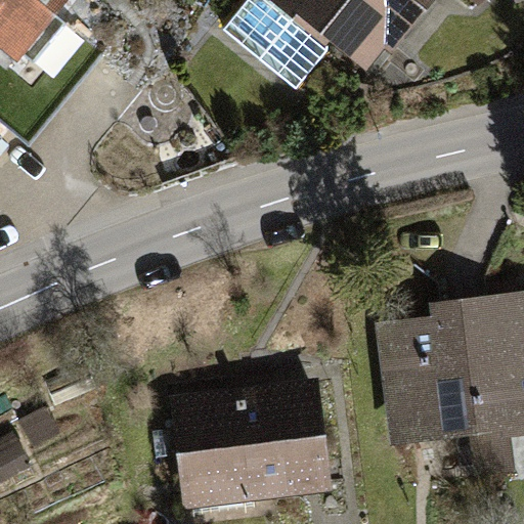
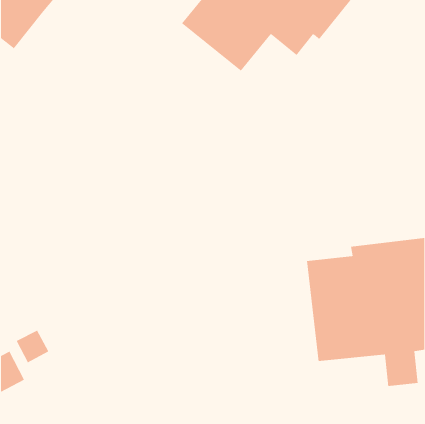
building: [173,381,333,508] -> none

